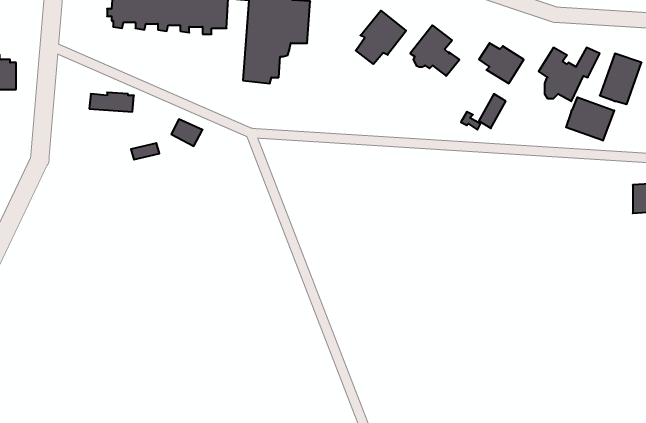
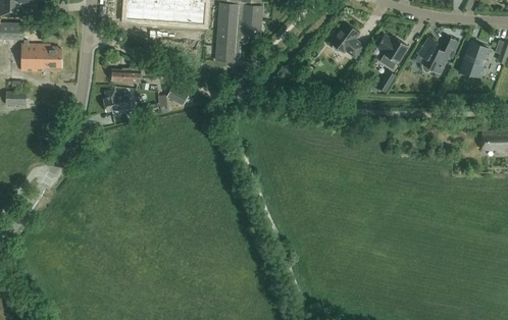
building: [356,11,406,64] -> none
building: [566,97,614,141] -> none
building: none -> [103,89,133,111]

